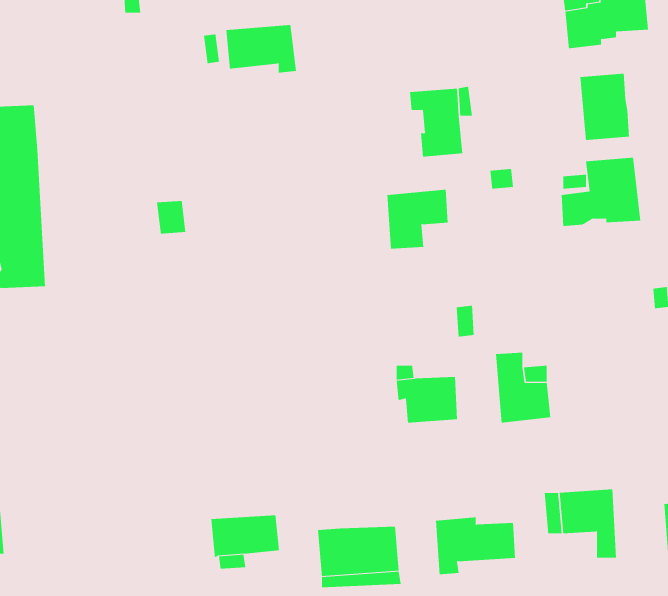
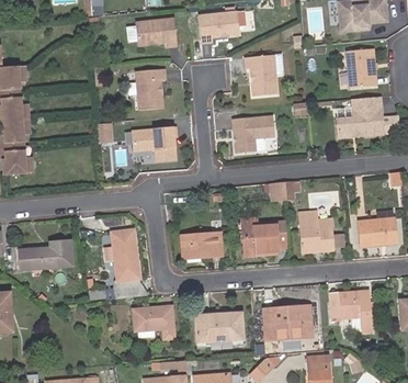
building: none -> [209,10,250,41]
building: none -> [133,65,162,105]
building: none -> [139,125,178,159]
building: none -> [355,217,392,245]
building: none -> [178,228,218,254]
building: none -> [109,230,137,288]
building: none -> [13,241,67,271]

